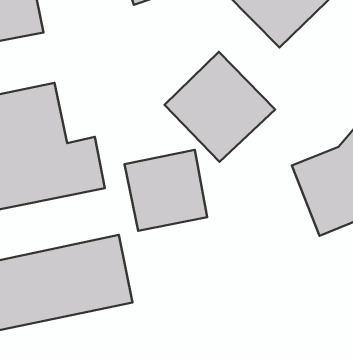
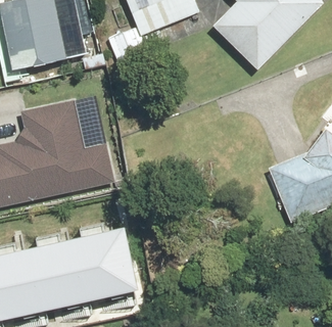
building: [164,52,275,162] -> none
building: [125,150,207,231] -> none

